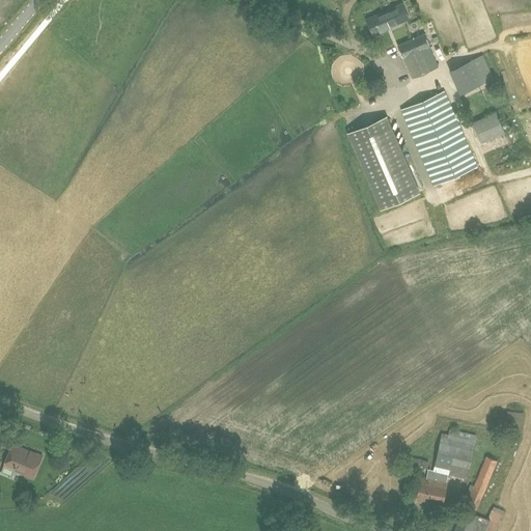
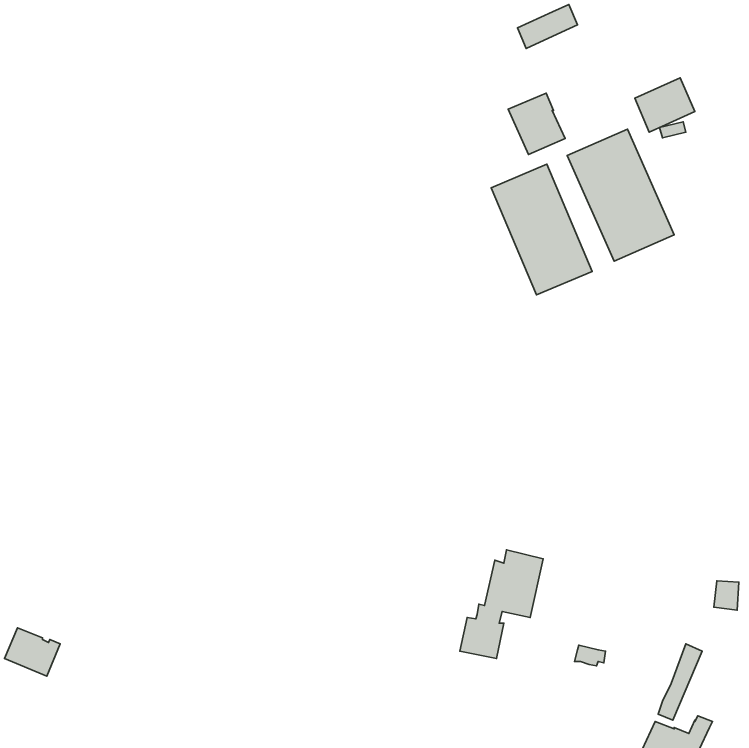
building: [397,34,438,78] -> [508,93,565,155]
building: [472,113,504,144] -> none
building: [416,430,475,507] -> [460,550,543,658]

